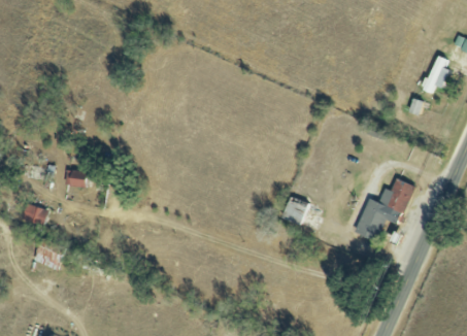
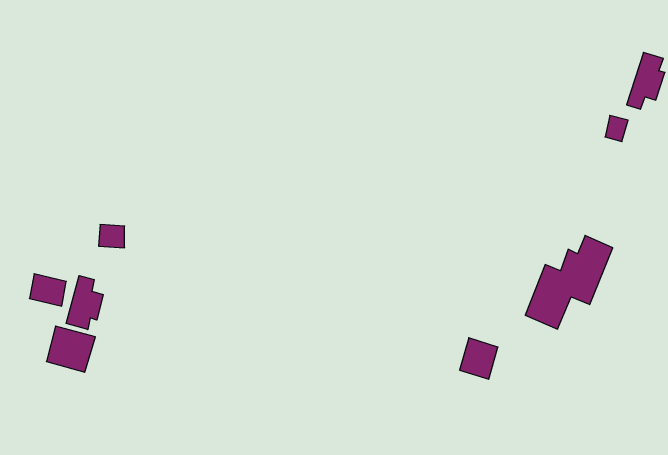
building: [283,197,309,225] -> [460,338,498,379]
building: none -> [66,276,103,330]

